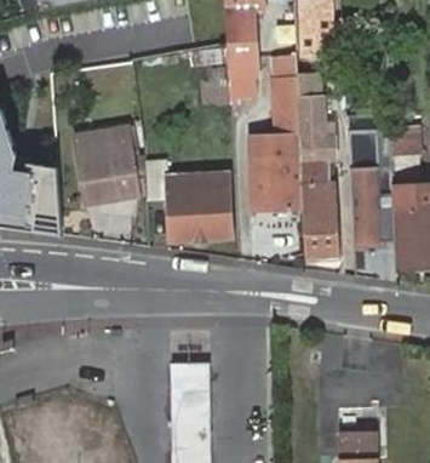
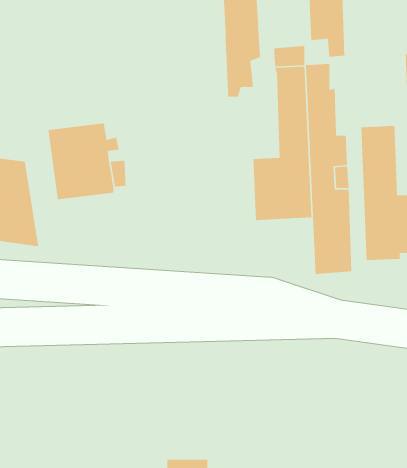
building: [143,156,225,239] -> none
building: [177,367,213,421] -> none

